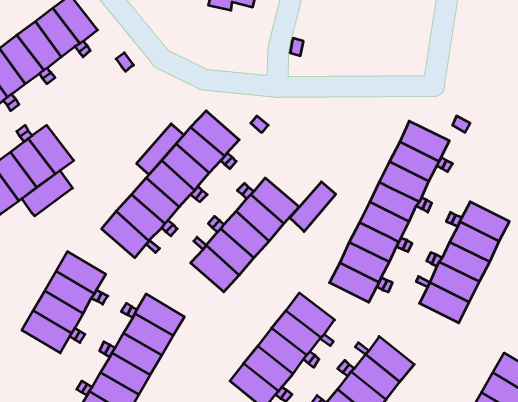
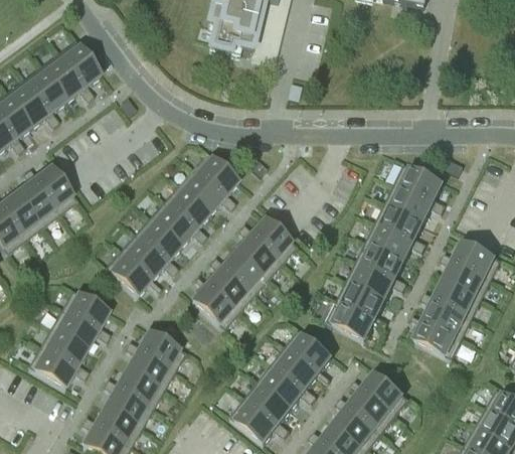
building: [137,124,184,175] -> none
building: [22,171,73,216] -> none
building: [290,182,336,232] -> none

